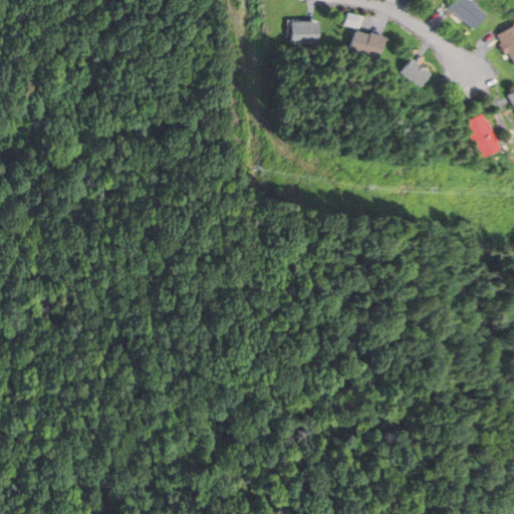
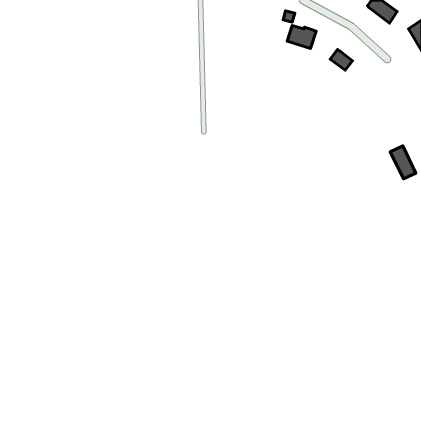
building: [291,23,317,42] -> none
building: [467,115,498,156] -> [390,146,416,179]

